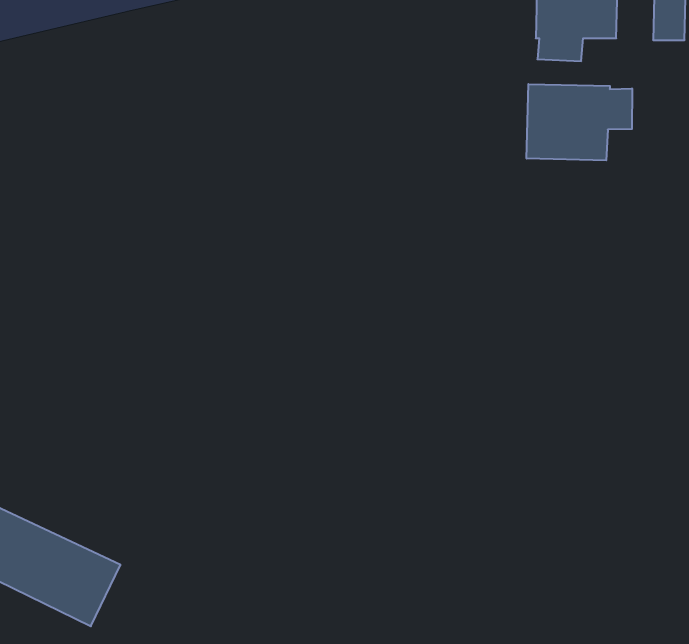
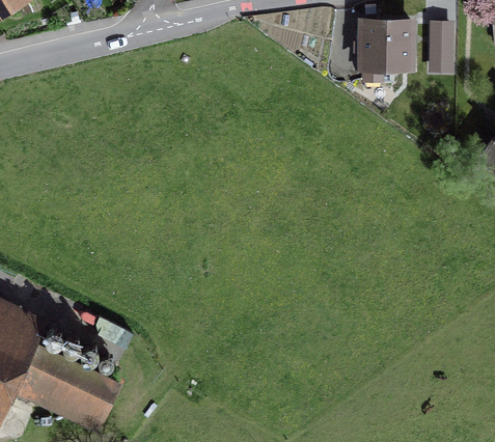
building: [527,84,632,160] -> none

